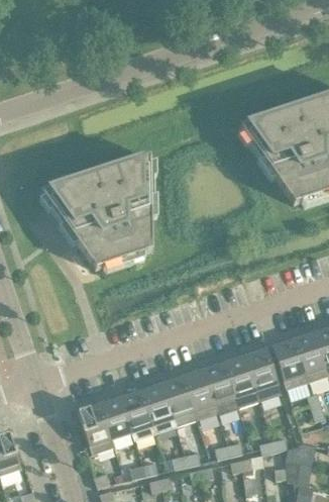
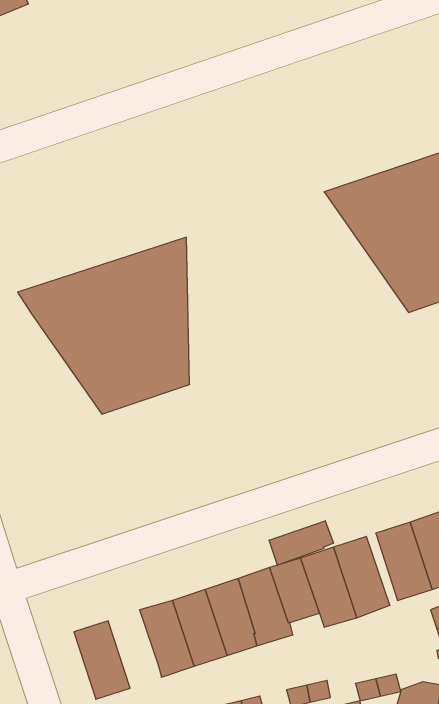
building: none -> [269,521,333,565]
building: [100,395,132,445] -> none

